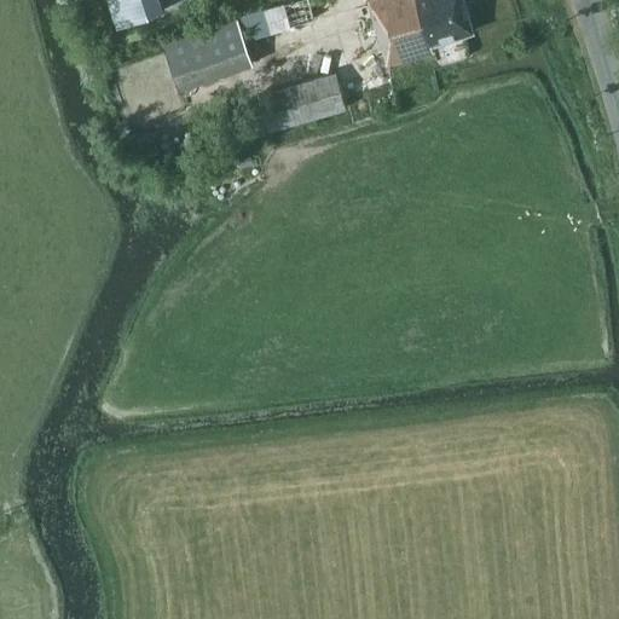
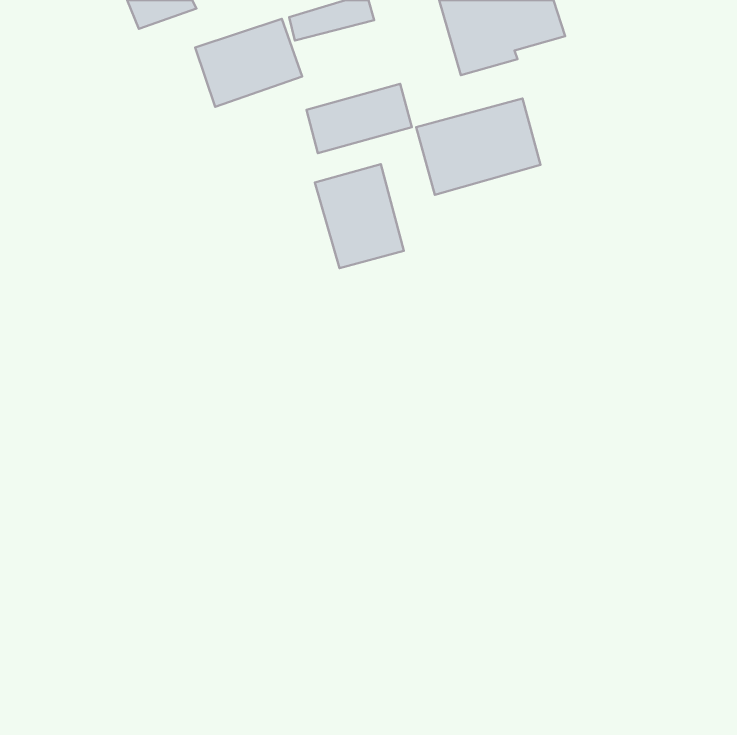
building: none -> [416,99,540,195]
building: none -> [315,164,404,268]

